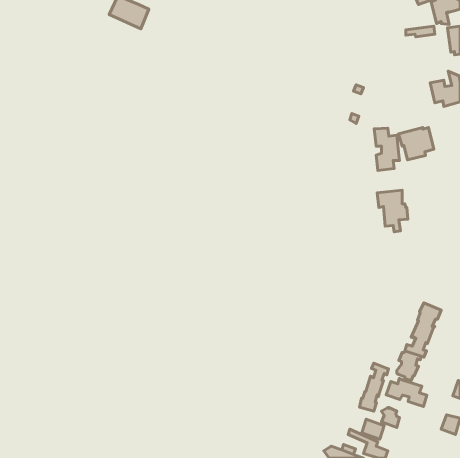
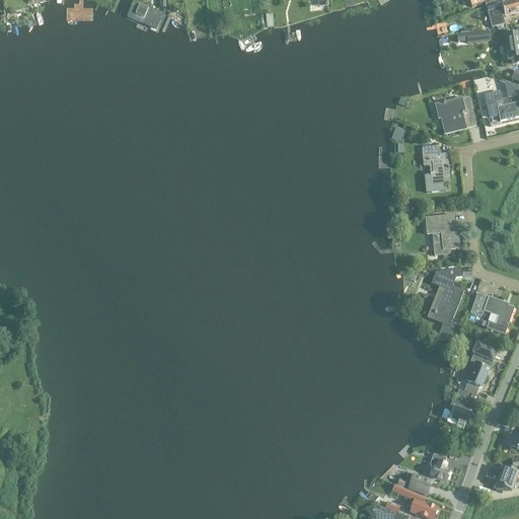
building: [399,127,434,160] -> [434,95,473,132]
building: none -> [430,267,463,341]
building: none -> [469,292,513,332]
building: [360,363,389,411] -> none
building: [386,379,427,407] -> none

